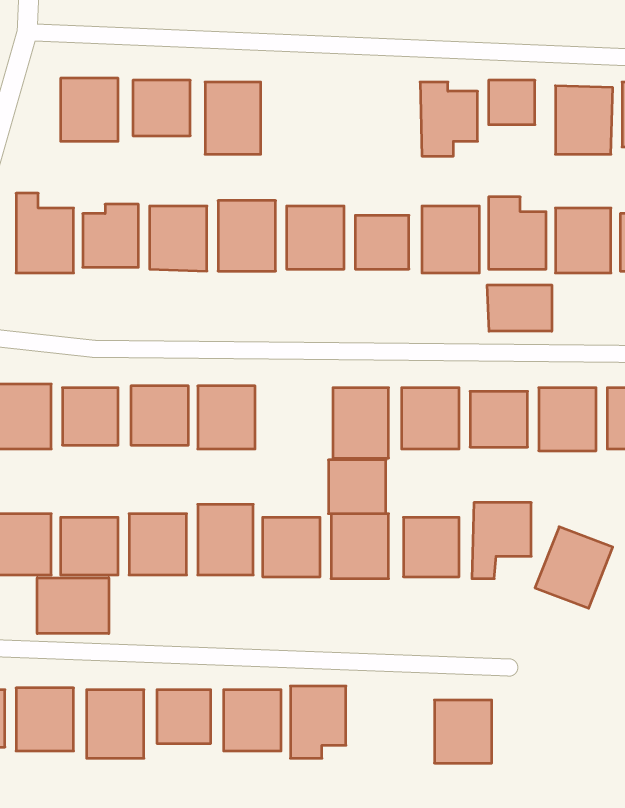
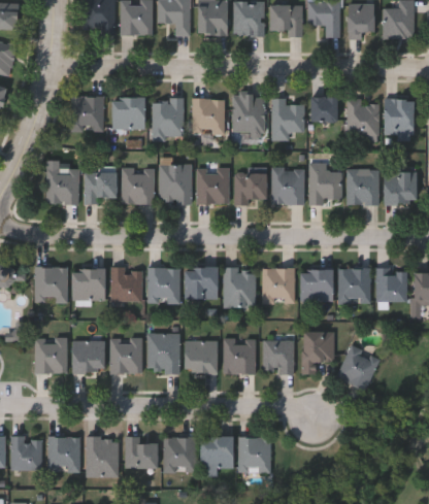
building: none -> [234,96,265,133]
building: none -> [193,99,225,135]
building: [487,285,552,331] -> none
building: [328,460,386,514] -> [186,269,218,299]
building: [37,578,109,634] -> none
building: [434,700,492,763] -> [238,437,270,472]

